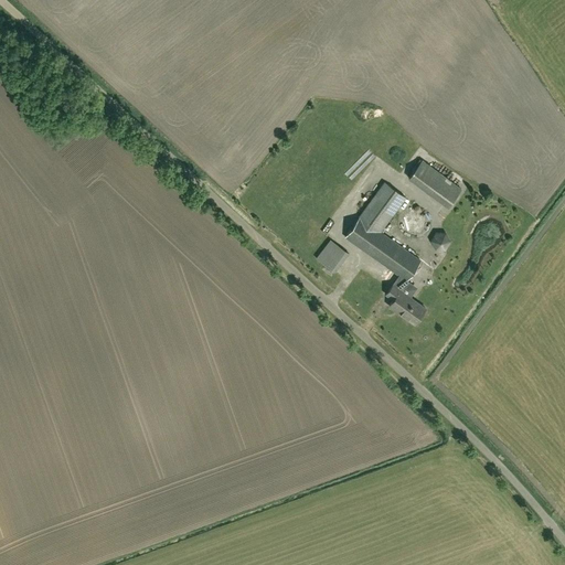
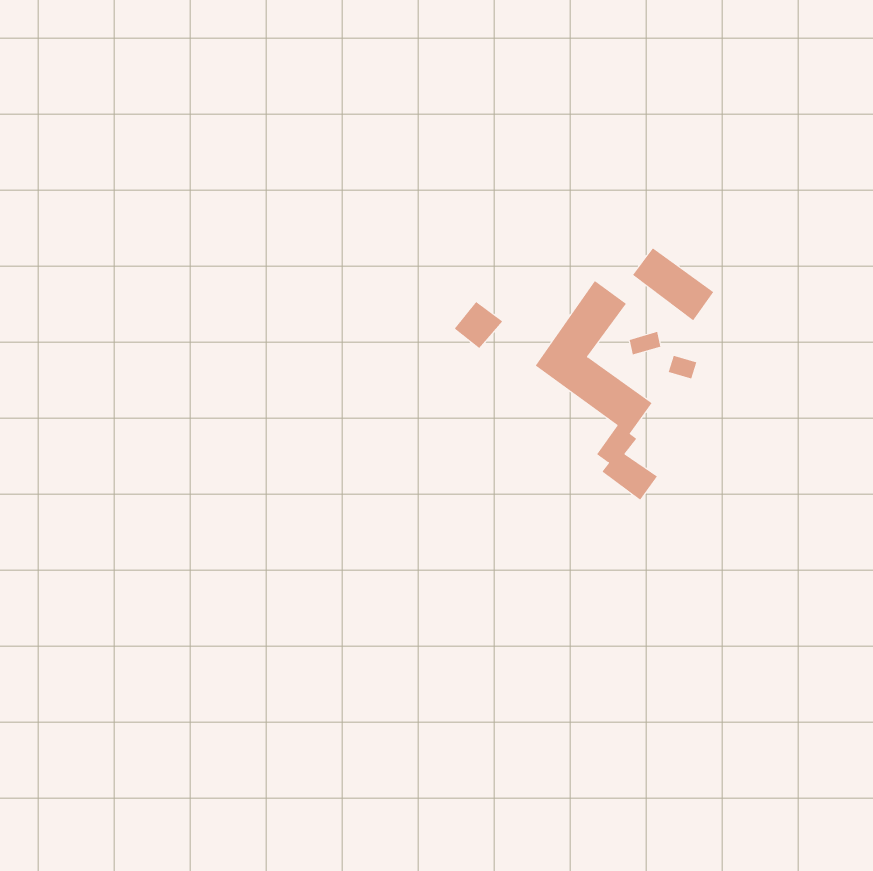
building: [317,242,349,273] -> [454,301,503,349]

